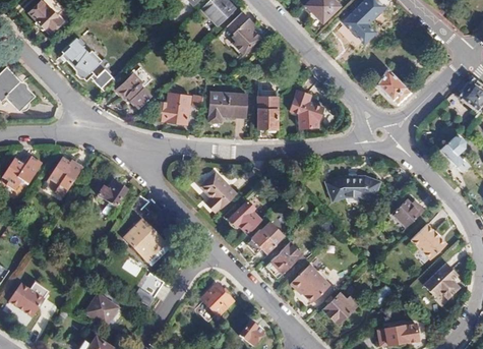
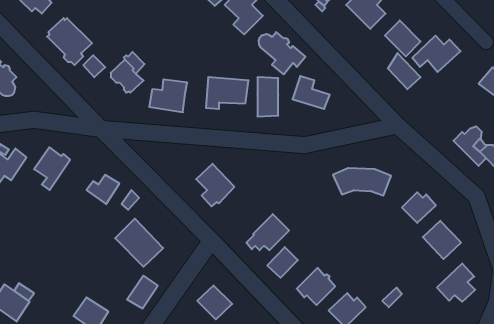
building: none -> [385,20,421,56]
building: none -> [259,32,305,74]
building: none -> [412,36,461,72]
building: [229,199,260,232] -> none

